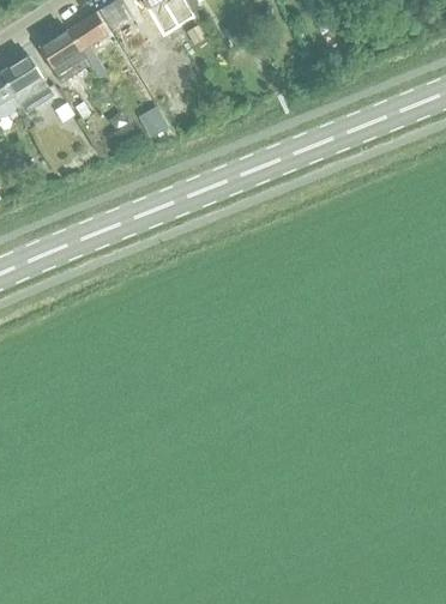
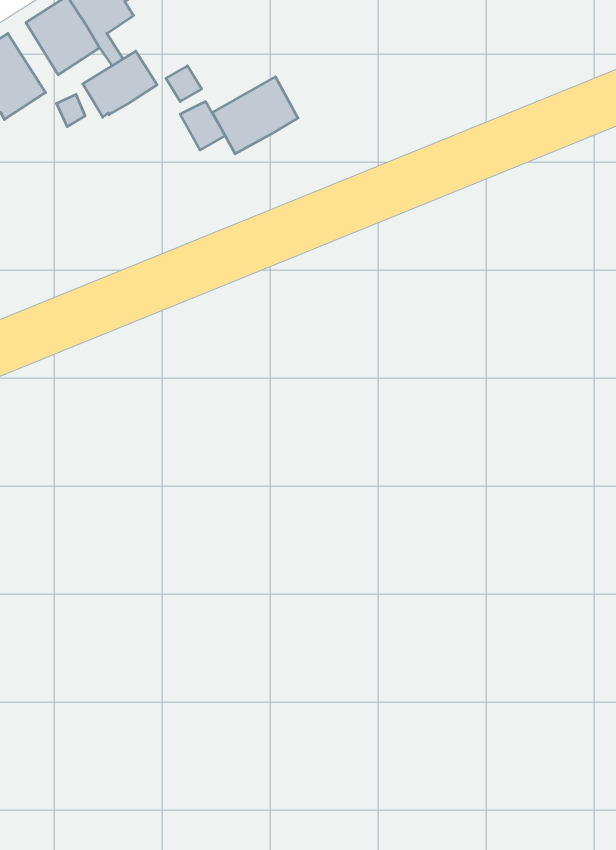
building: none -> [83,51,157,117]
building: none -> [213,77,298,154]

